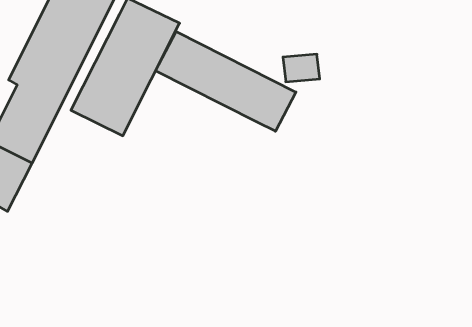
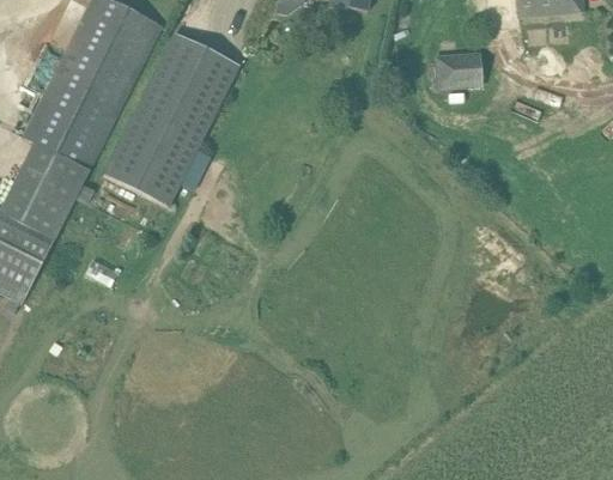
building: [156,32,296,131] -> none
building: [283,54,320,82] -> [436,53,482,87]

